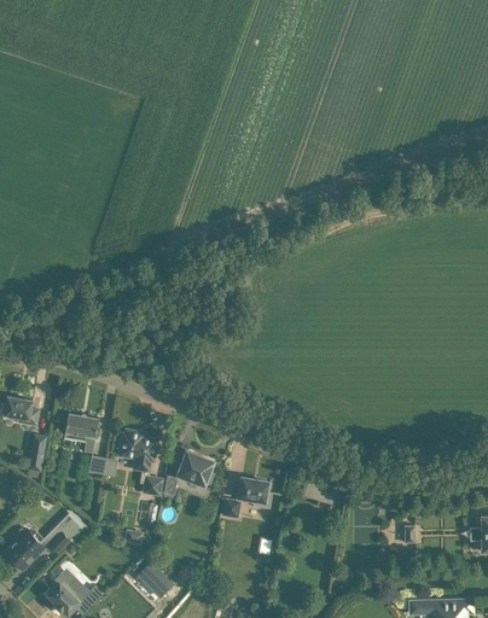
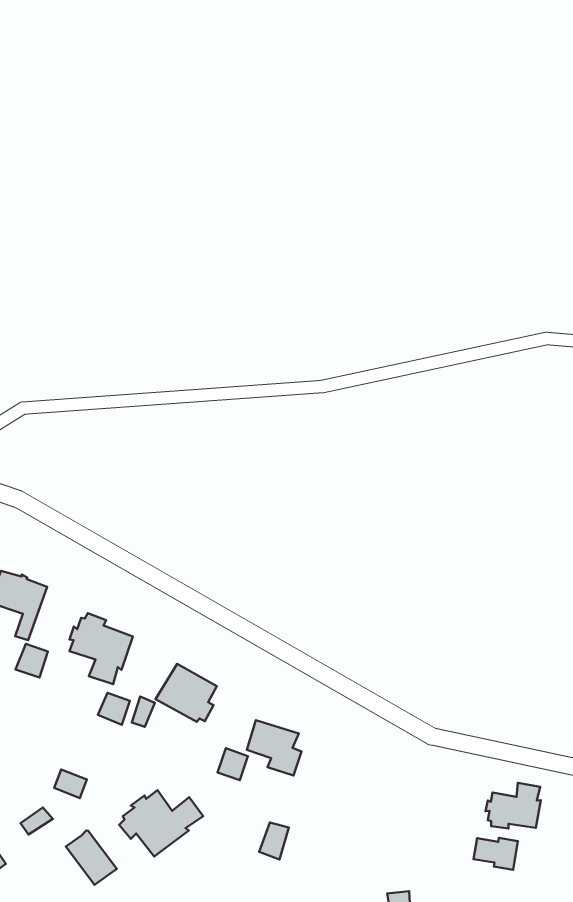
building: none -> [486,783,541,829]
building: none -> [119,790,203,856]

